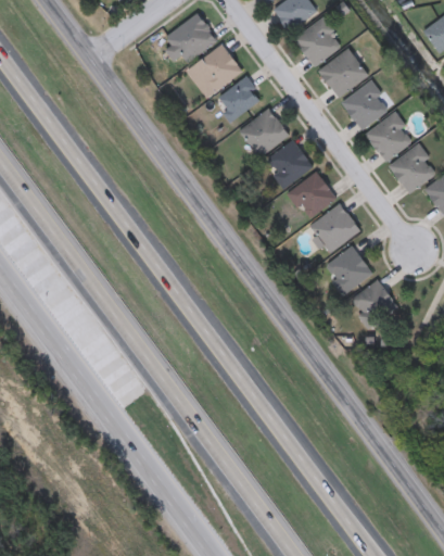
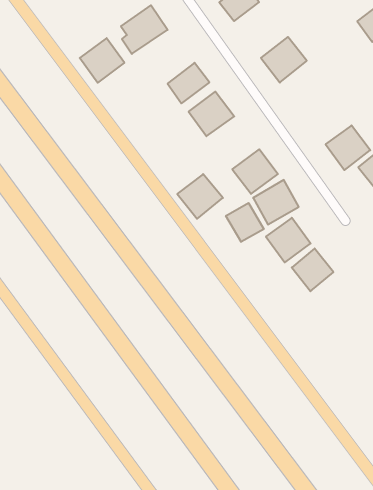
building: [293,16,343,66] -> none
building: [193,43,242,92] -> [80,38,124,83]
building: [342,81,390,129] -> none
building: [365,112,415,161] -> none
building: [263,139,313,188] -> [177,174,223,219]
building: none -> [226,203,264,242]

